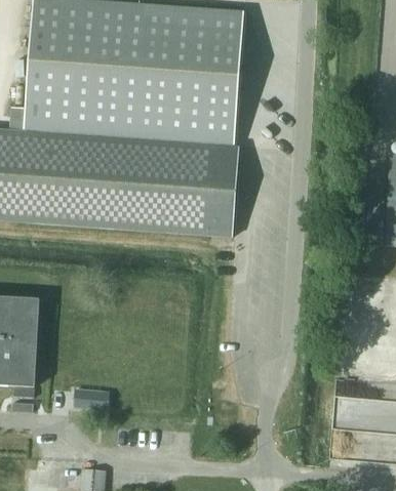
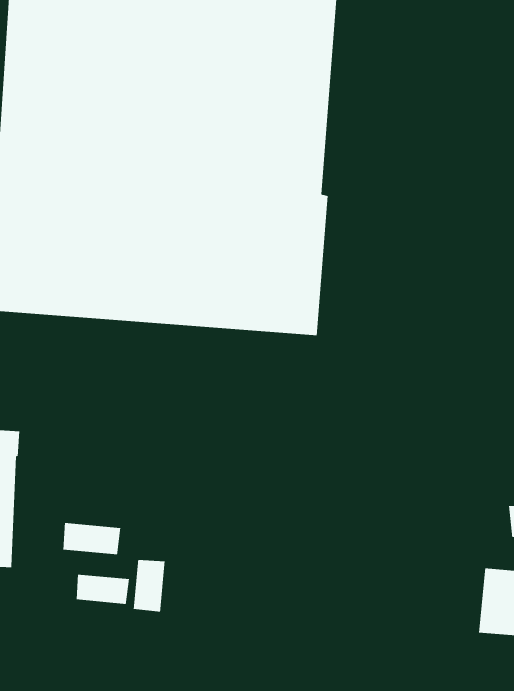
building: none -> [63,522,121,555]
building: none -> [133,559,165,613]

